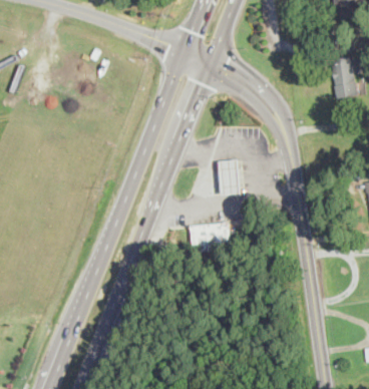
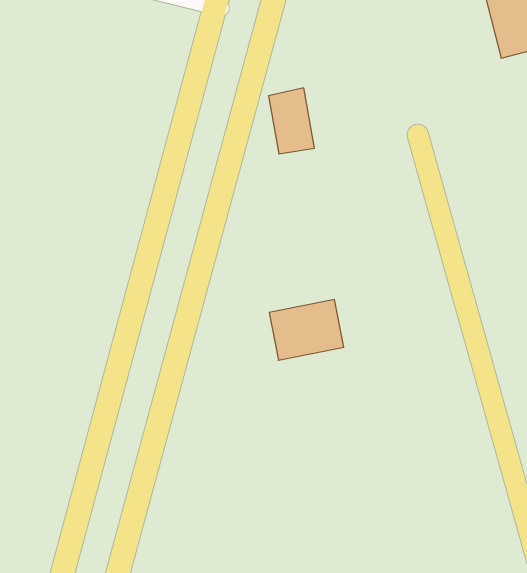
building: [219,159,241,194] -> [269,88,314,154]

